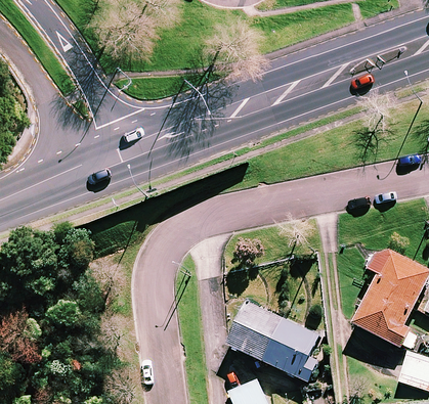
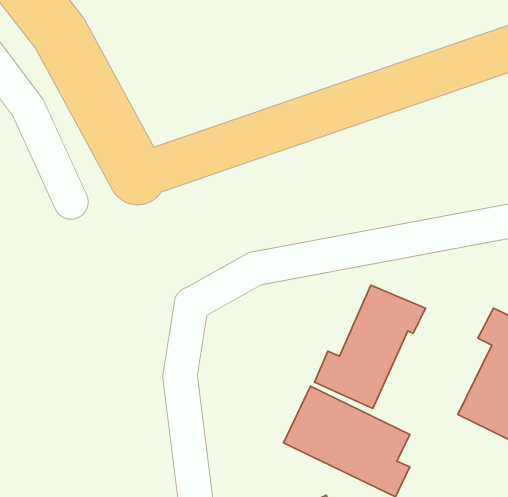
building: none -> [315,285,425,408]

